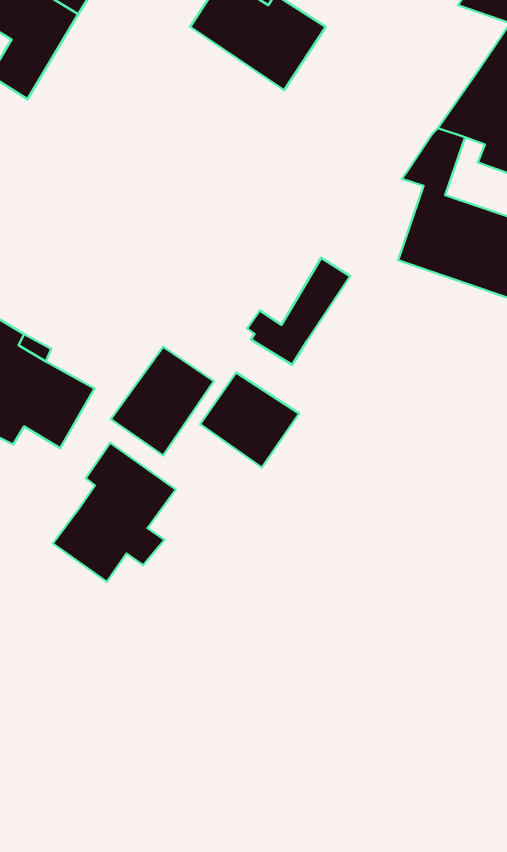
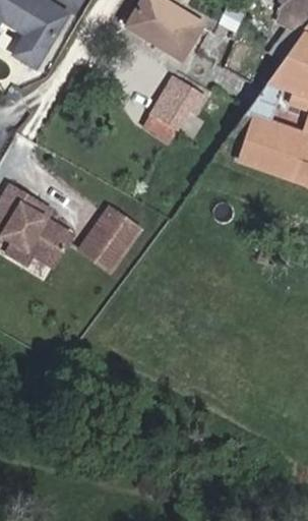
building: [247,258,350,365] -> [142,80,200,140]
building: [200,373,299,467] -> none
building: [53,443,176,582] -> none

